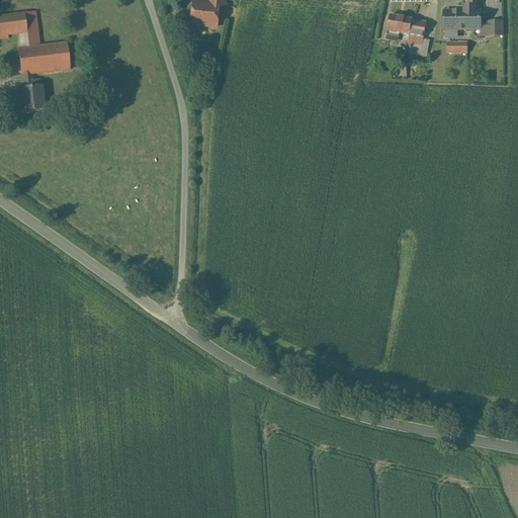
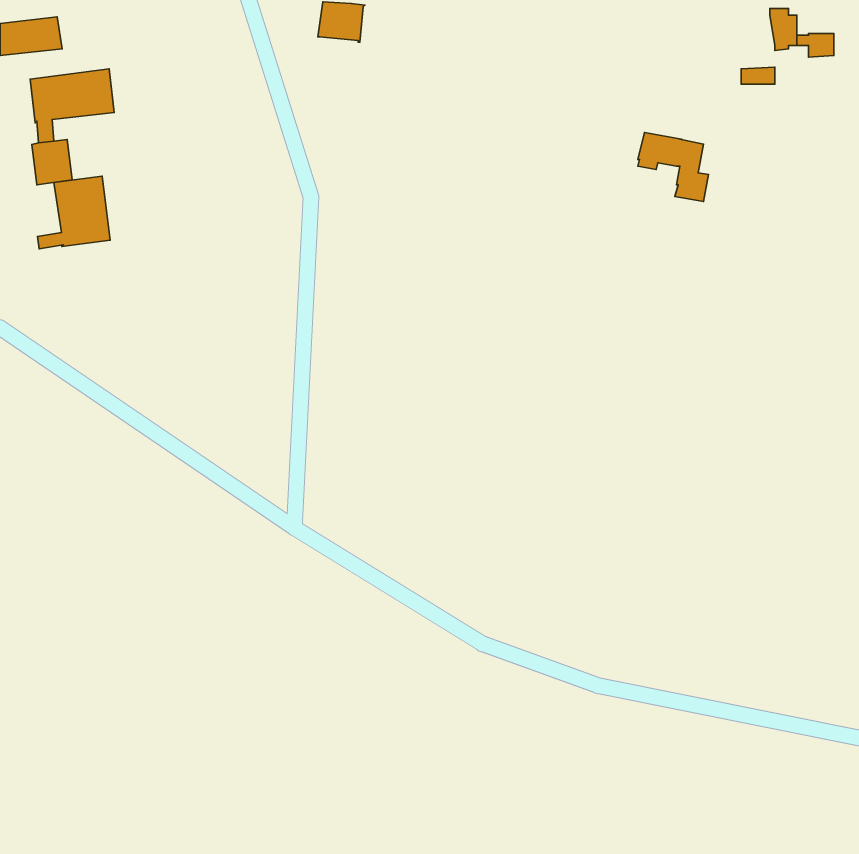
building: [444,9,466,36] -> none
building: [386,13,429,55] -> [638,133,708,201]
building: none -> [37,176,110,249]

